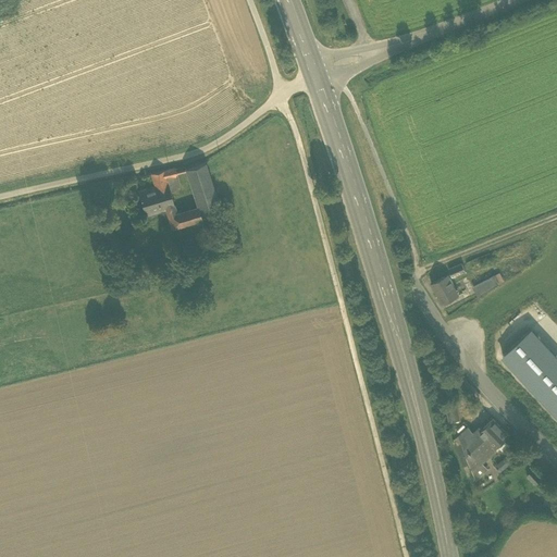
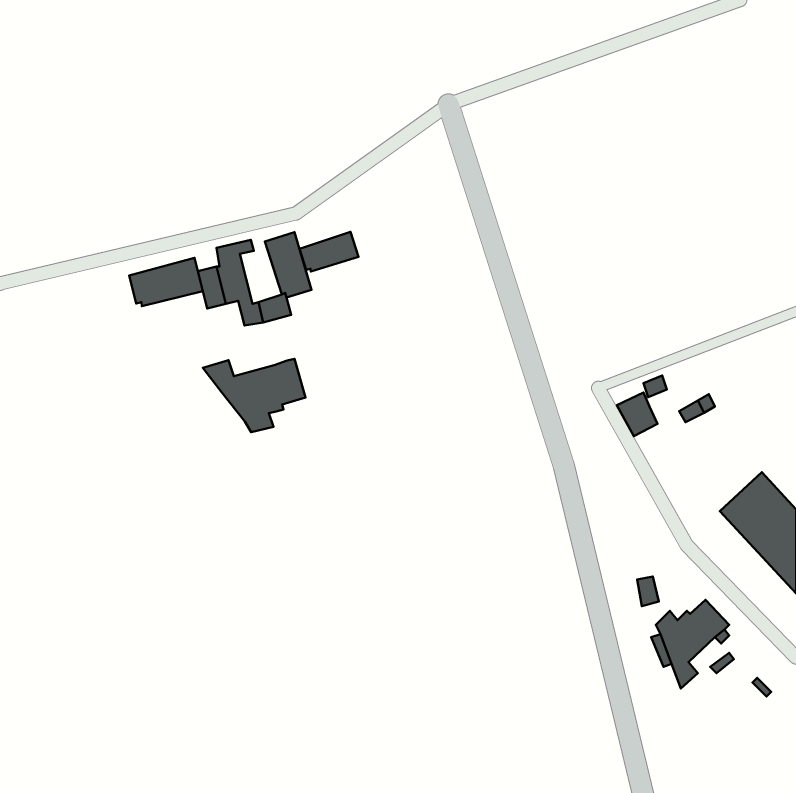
building: none -> [299,232,358,272]
building: none -> [129,258,203,306]
building: none -> [203,359,305,432]

